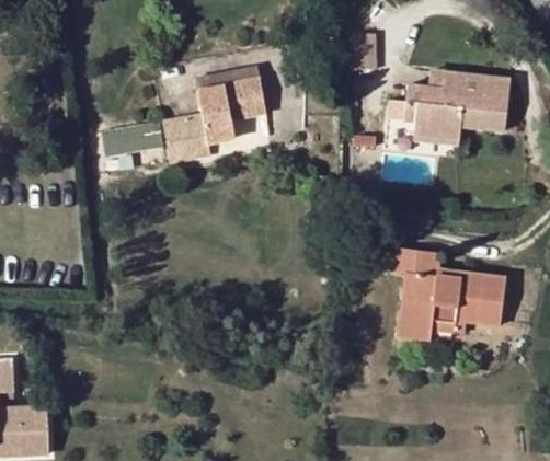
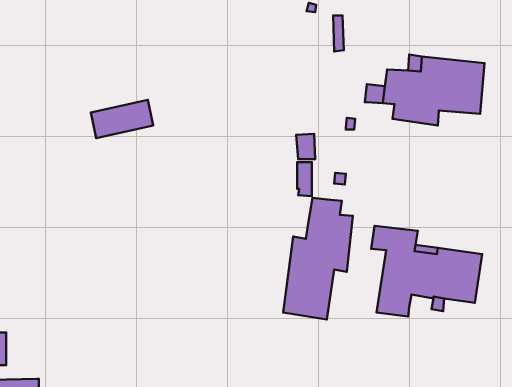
building: [163,79,266,162] -> none
building: none -> [283,198,353,319]

